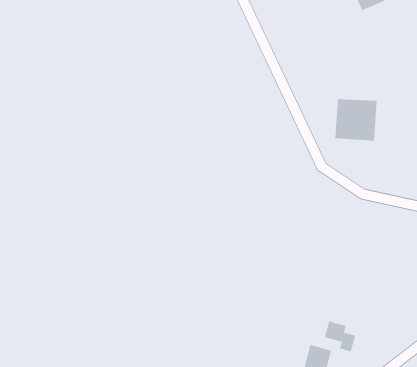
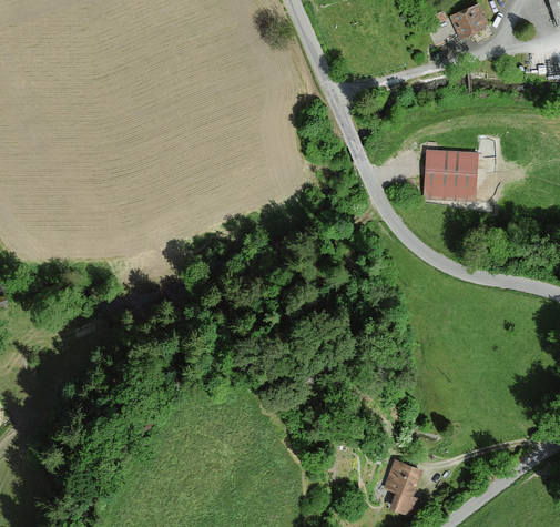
building: [324,320,356,352] -> none

